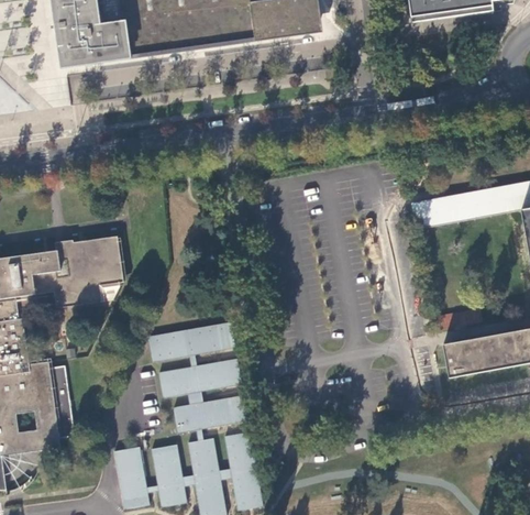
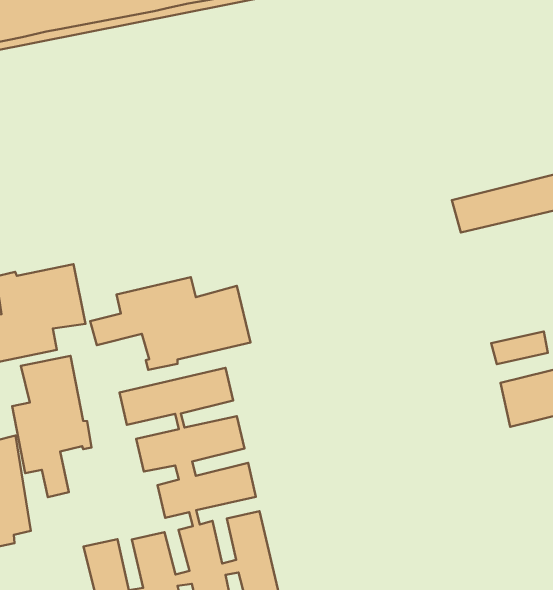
building: none -> [90,277,250,370]
building: none -> [12,356,91,497]

